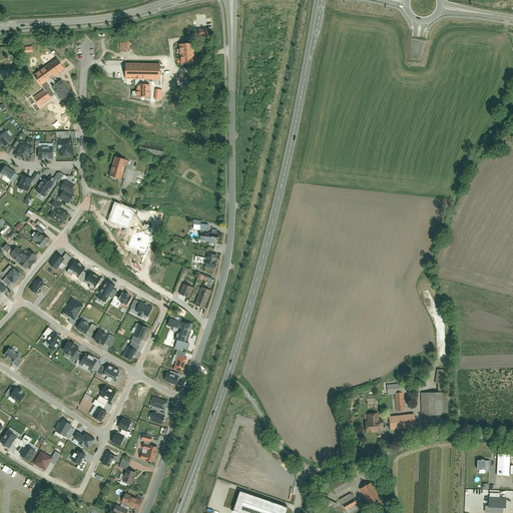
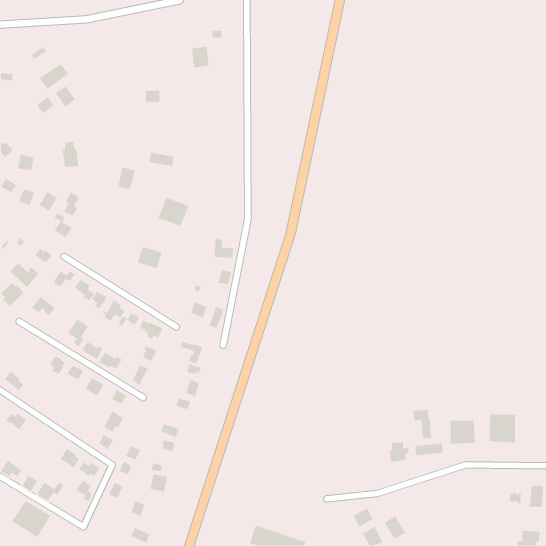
building: [126,62,160,80] -> none
building: [107,201,137,229] -> [157,197,190,227]
building: none -> [488,414,516,443]
building: none -> [11,500,51,538]

